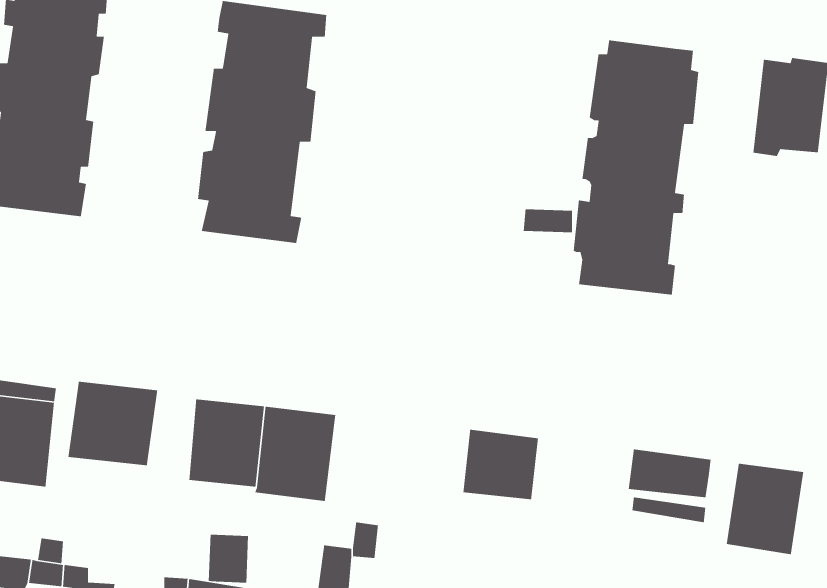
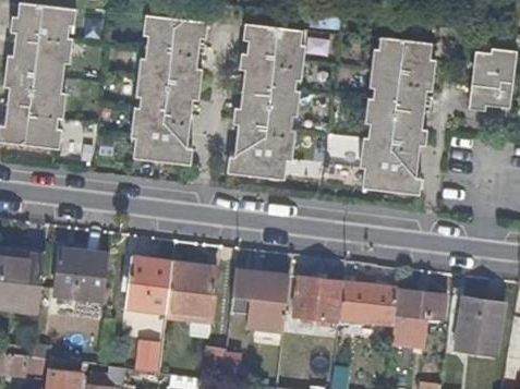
building: none -> [227,24,307,180]
building: none -> [229,269,287,320]
building: none -> [338,283,397,325]

